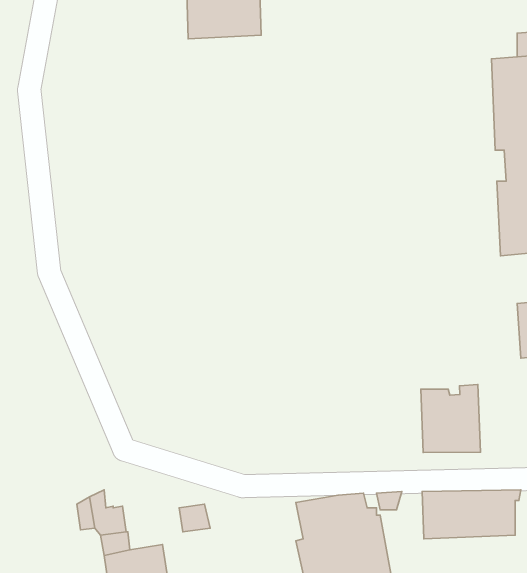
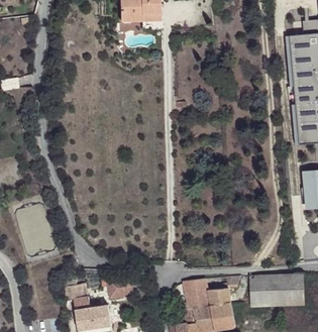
building: [421,384,480,453] -> none

